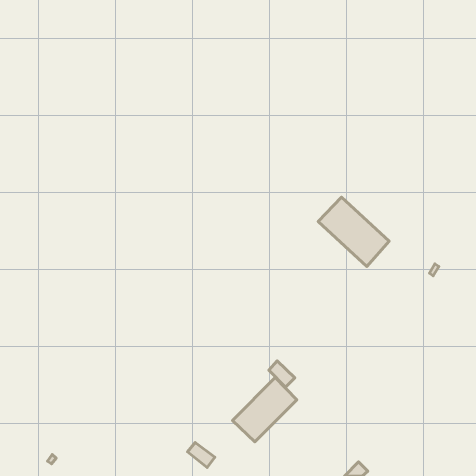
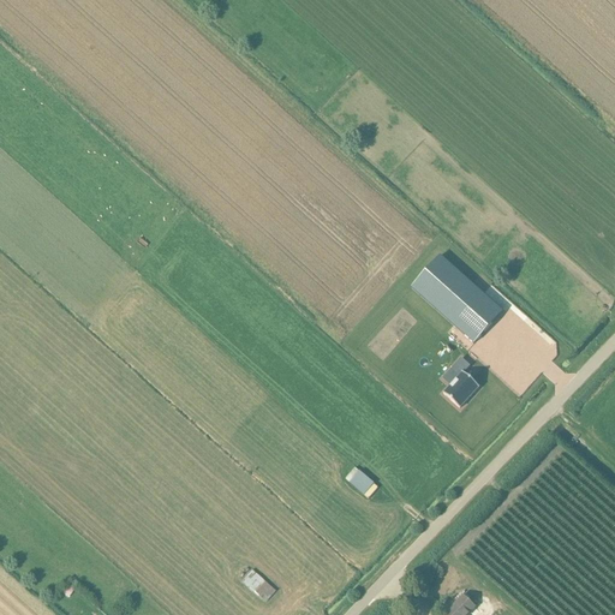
building: none -> [442,357,477,406]
building: [232,377,297,442] -> none

